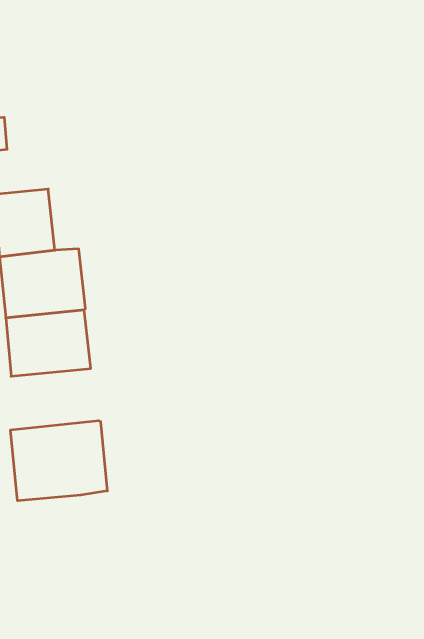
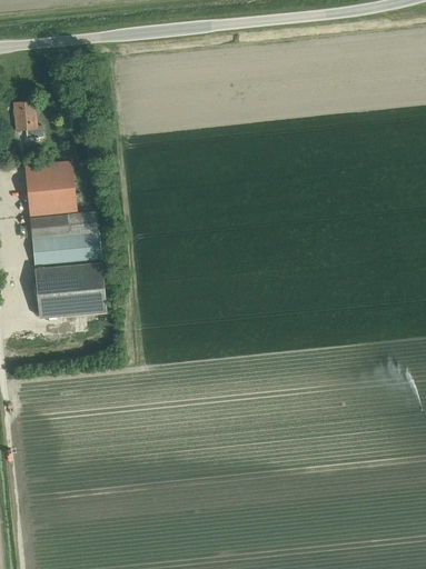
building: [11,421,107,501] -> none

